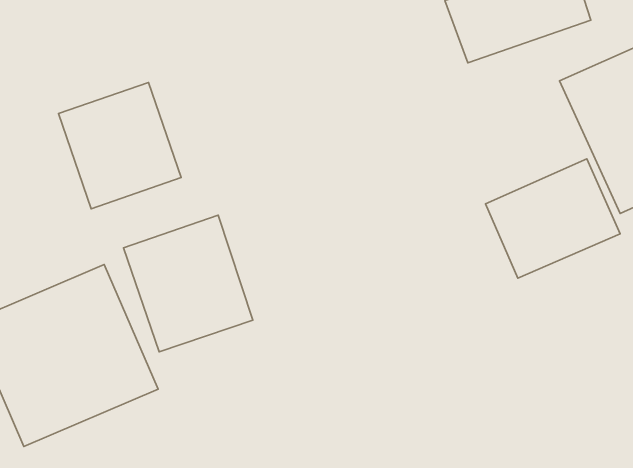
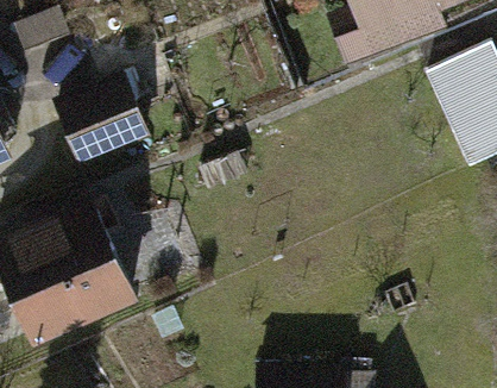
building: [486,159,620,278] -> none
building: [123,215,253,352] -> none

